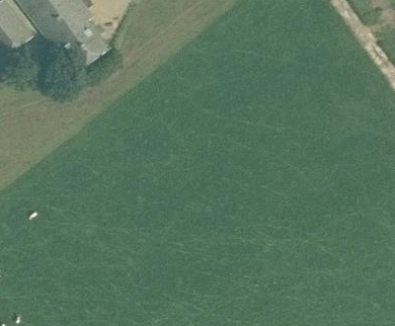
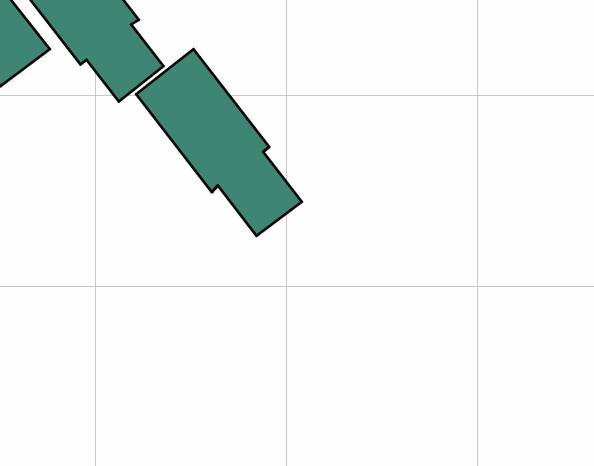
building: none -> [136,49,302,236]

